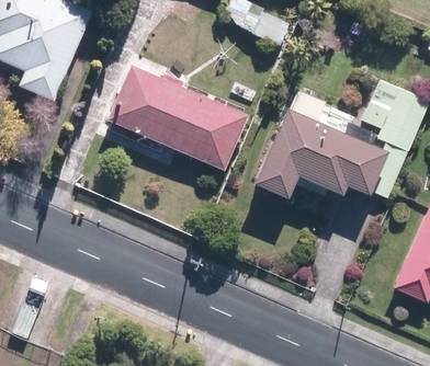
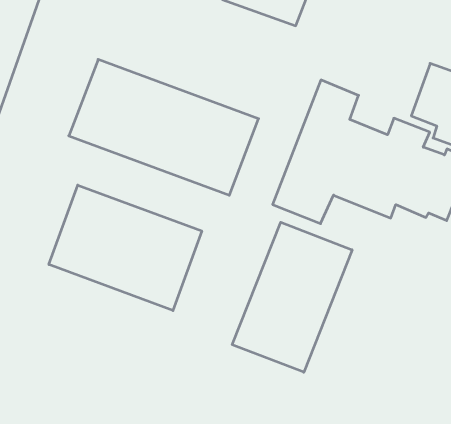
building: none -> [49,185,202,311]
building: none -> [232,222,352,372]

